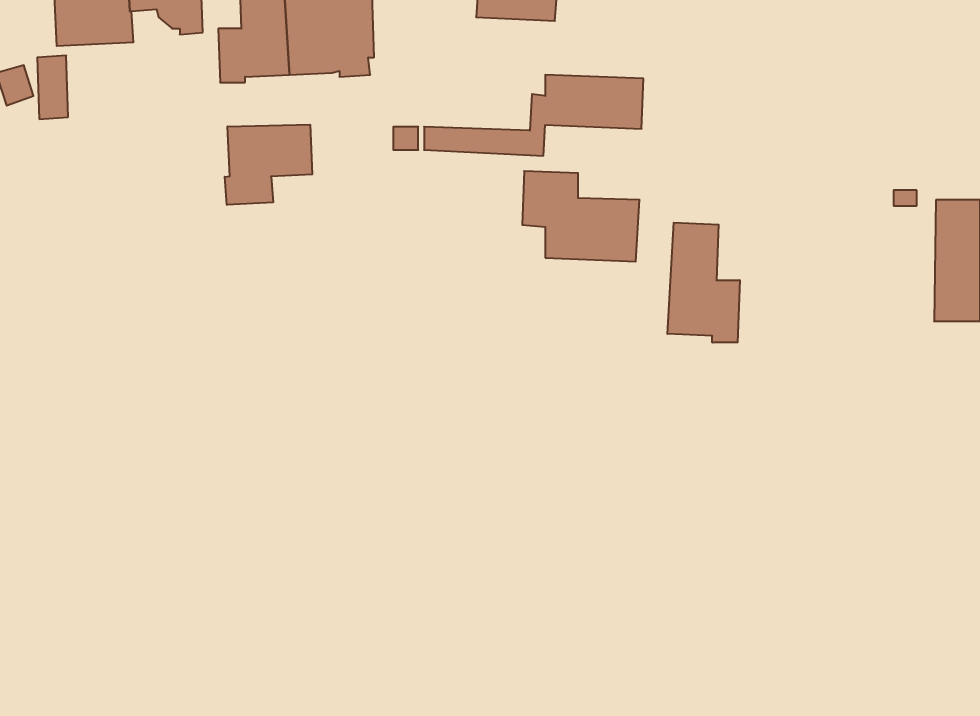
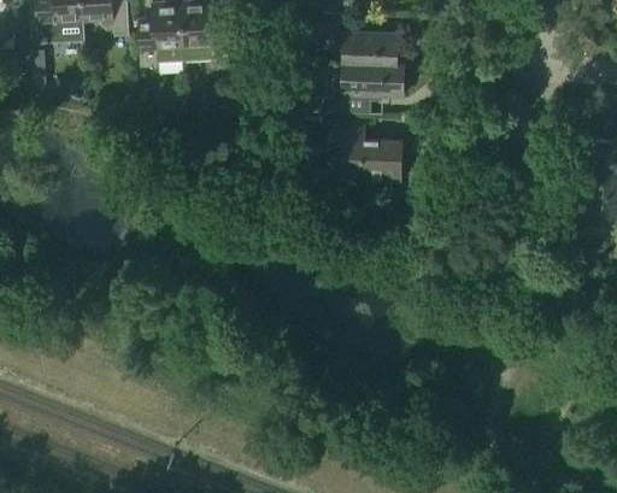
building: none -> [342,29,404,63]
building: [225,125,312,205] -> none
building: [667,223,740,343] -> none

